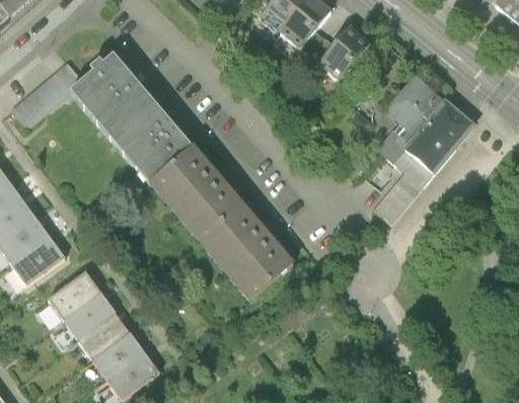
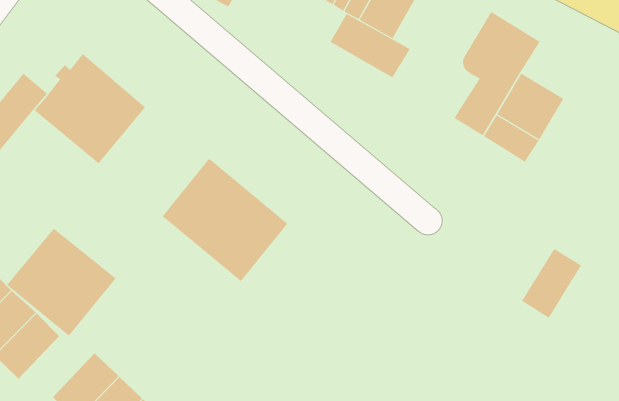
building: none -> [330,13,410,78]
building: [112,100,193,181] -> [6,228,116,336]
building: [431,101,476,146] -> none
building: [374,171,423,222] -> [521,248,582,318]
building: [201,203,292,297] -> none

